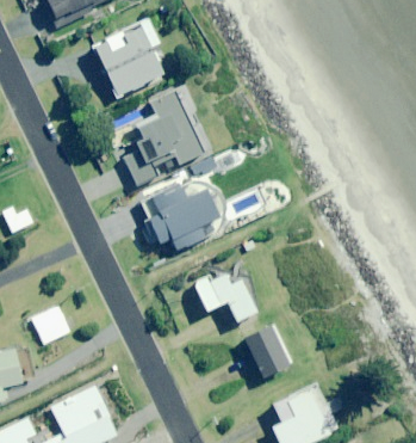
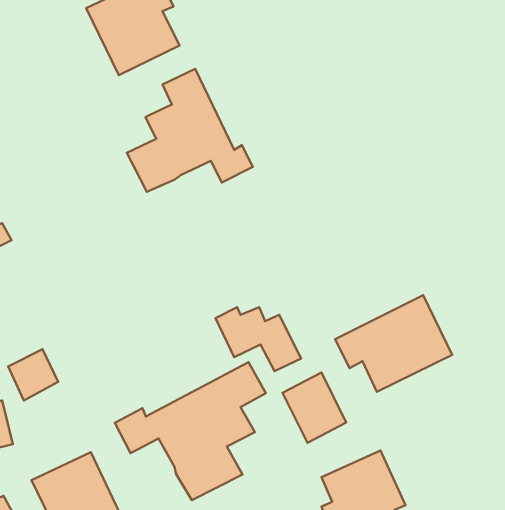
building: [143,184,223,250] -> none
building: none -> [335,295,452,392]
building: none -> [115,362,266,500]

